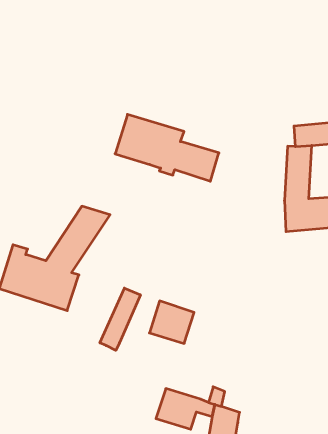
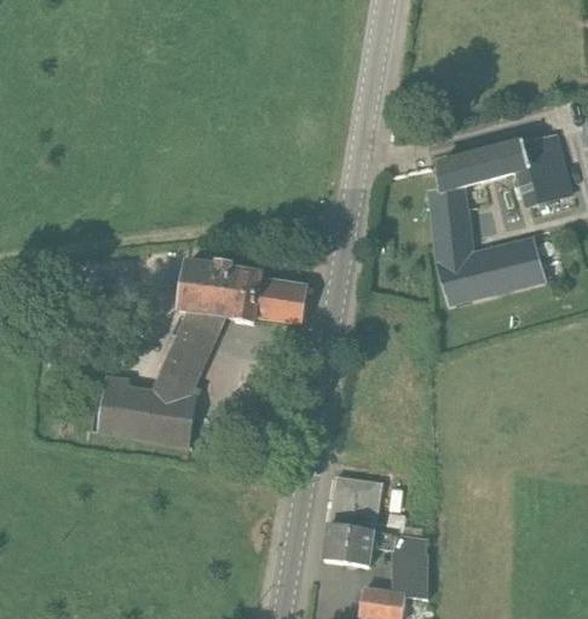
building: [115,114,219,181] -> [177,258,307,324]
building: [100,288,140,350] -> none
building: [149,301,194,343] -> [329,480,381,528]

